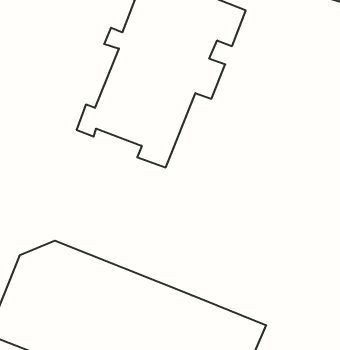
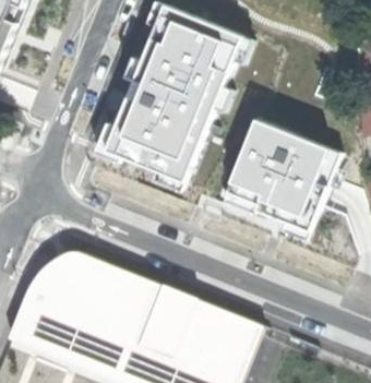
building: none -> [223,116,339,227]

